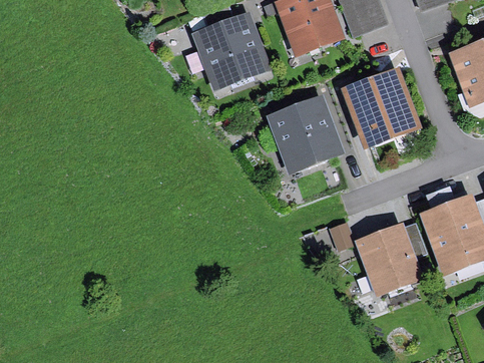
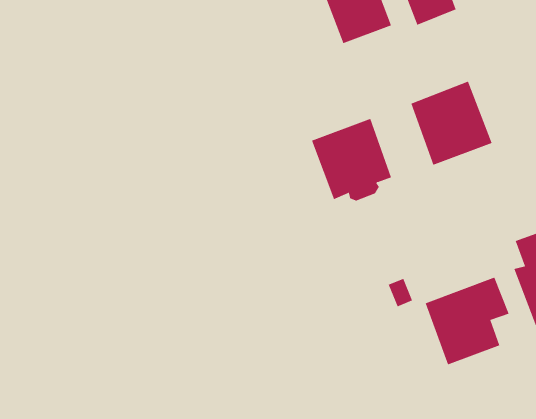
building: [199,19,261,80] -> none

